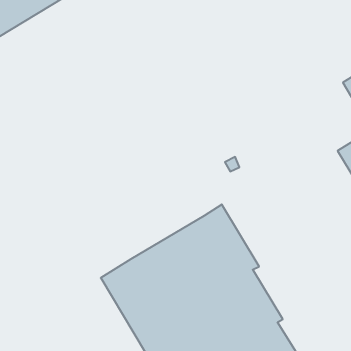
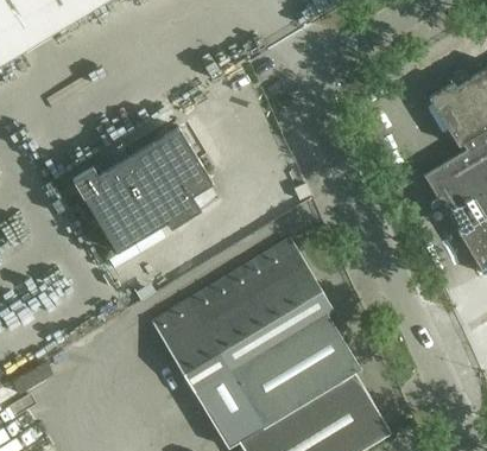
building: none -> [72,127,214,252]

